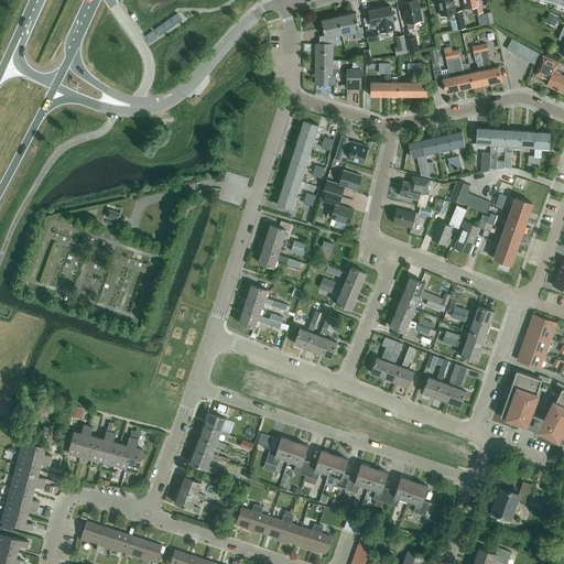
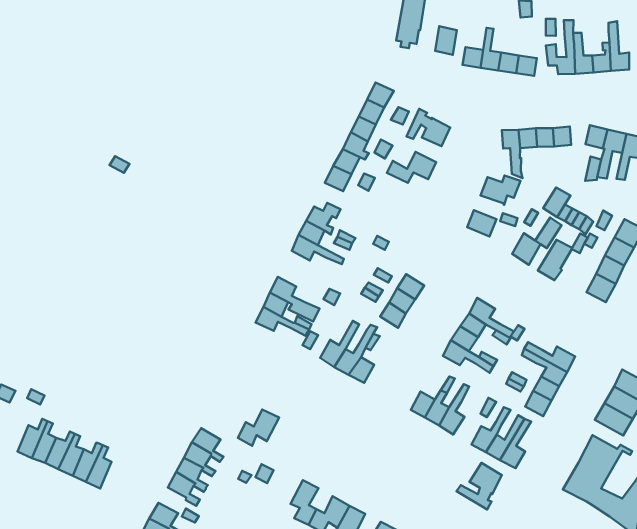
building: [324,193,354,225] -> none
building: none -> [456,463,502,510]
building: [265,437,295,467] -> [238,409,279,446]

